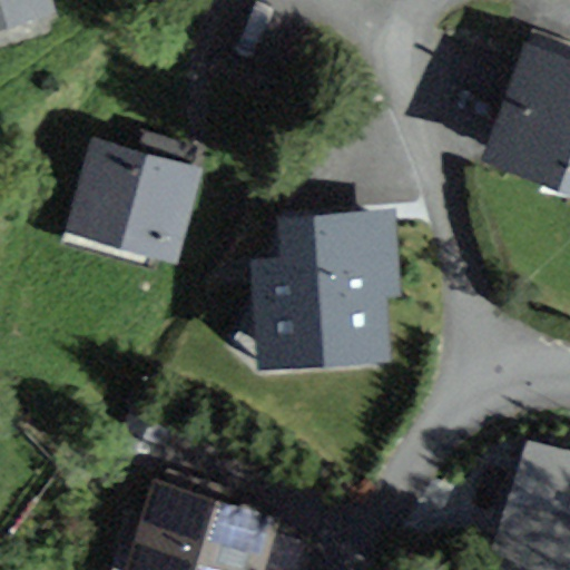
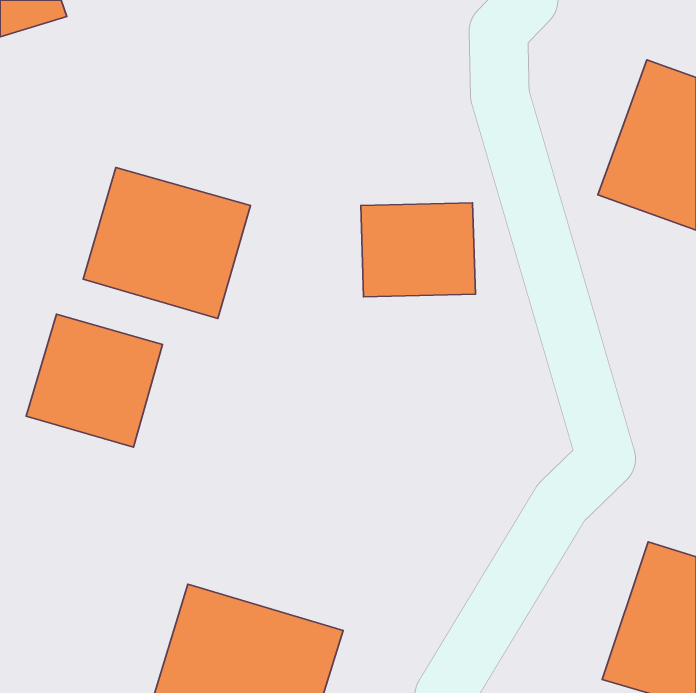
building: [257,252,389,371] -> none
building: none -> [26,314,163,447]

